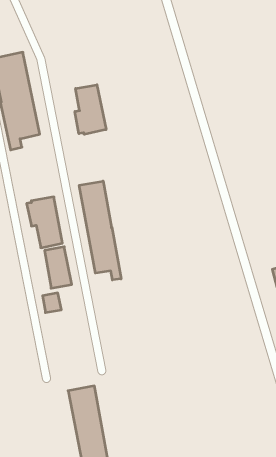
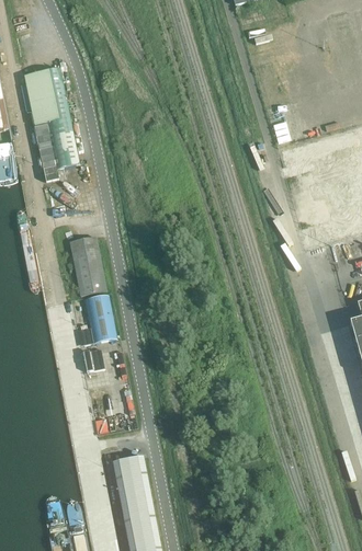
building: [75,85,106,134] -> none
building: [79,181,121,280] -> none

